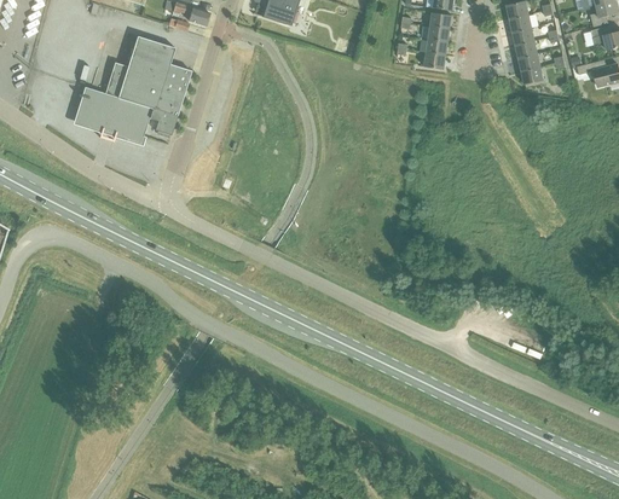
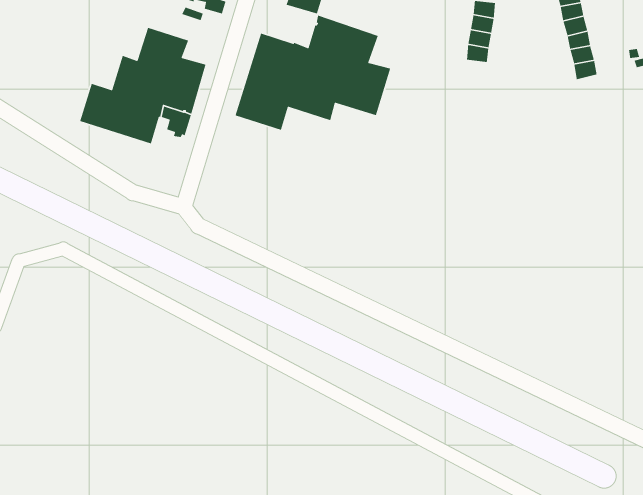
building: none -> [234,15,391,131]

